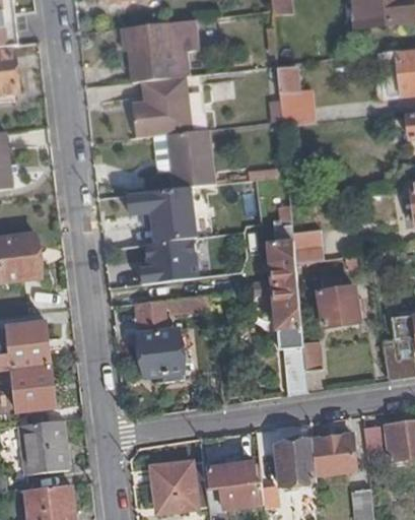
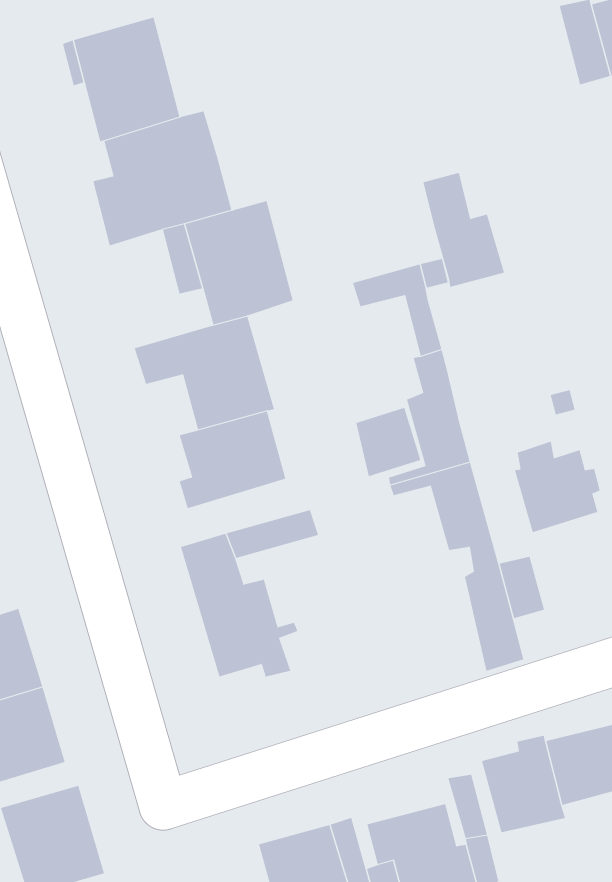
building: [168,20,192,77] -> none
building: [276,65,312,125] -> [423,172,505,288]
building: [292,230,324,263] -> [355,407,421,477]

